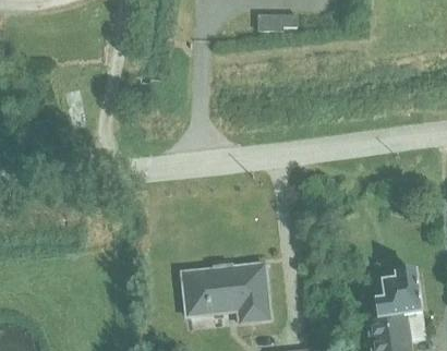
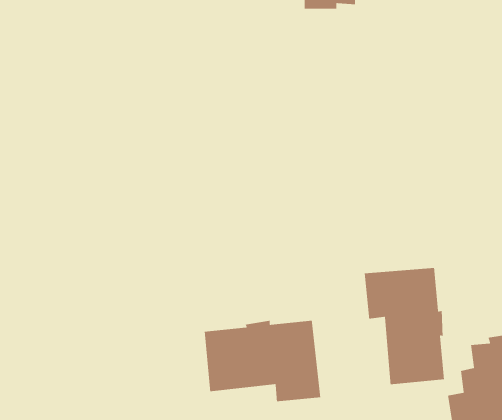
building: none -> [364,267,445,385]

